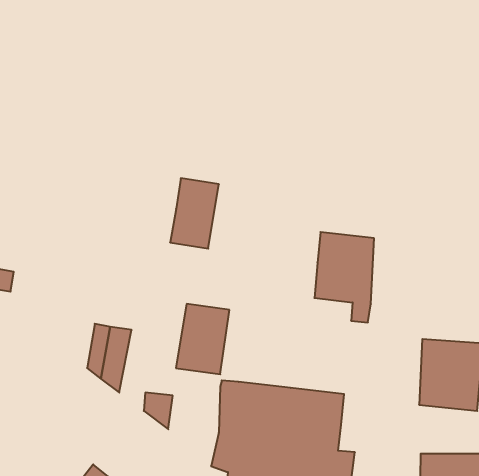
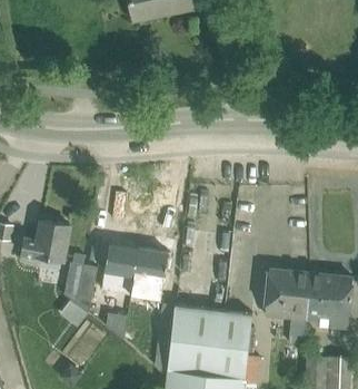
building: [170,178,219,249] -> [101,244,137,295]
building: [314,232,374,322] -> [265,270,308,335]
building: none -> [20,221,69,268]

